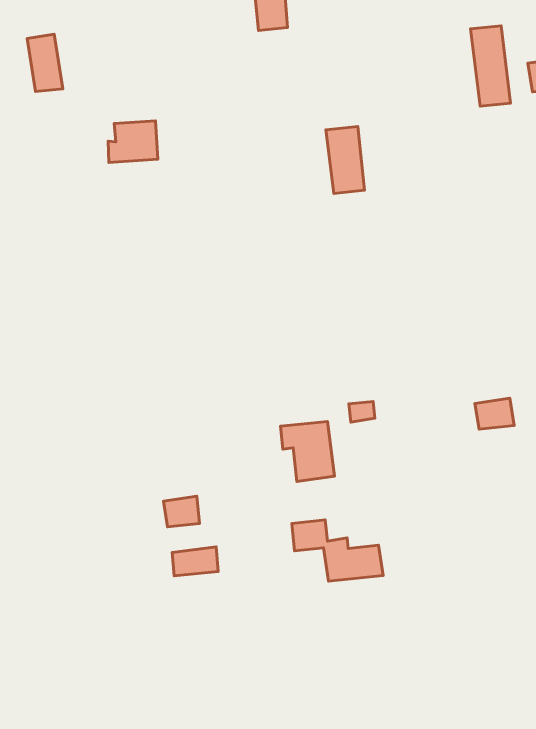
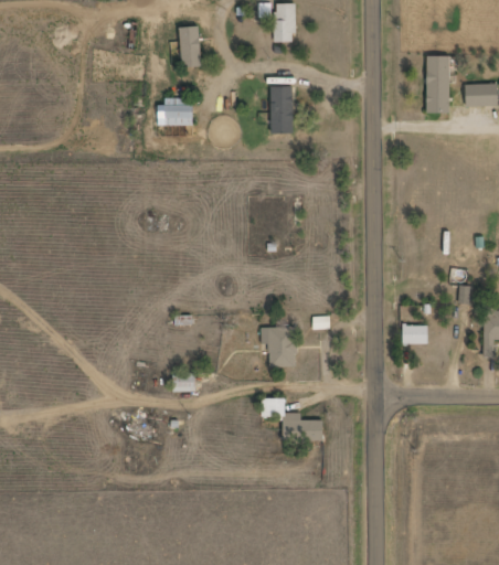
building: [27,34,63,91] -> [180,25,202,65]
building: [326,126,364,193] -> [269,86,293,132]
building: [172,547,218,576] -> none

